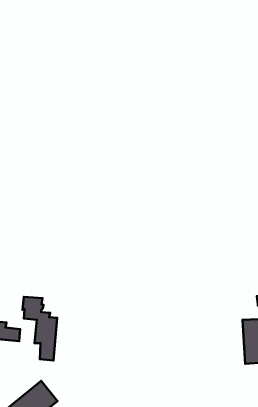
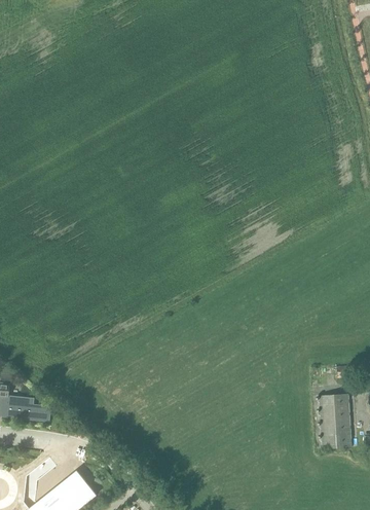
building: [22,297,57,360] -> none

